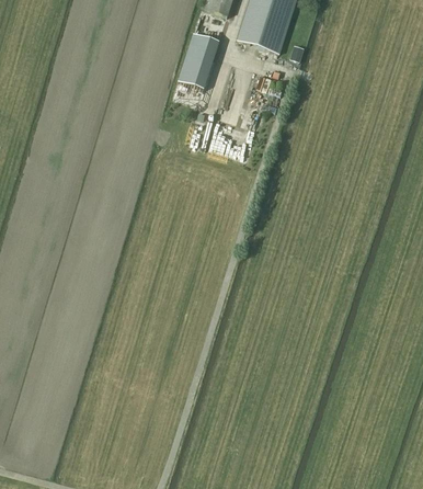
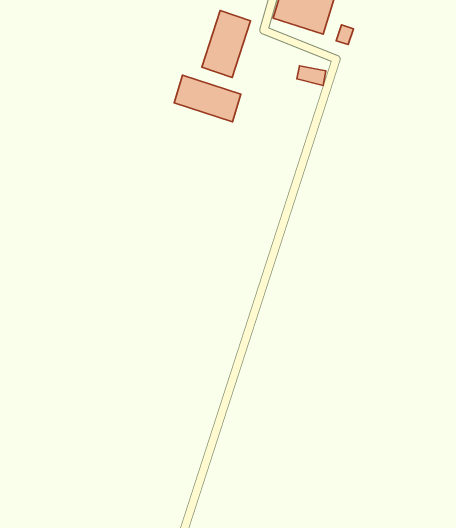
building: none -> [174,75,241,122]

